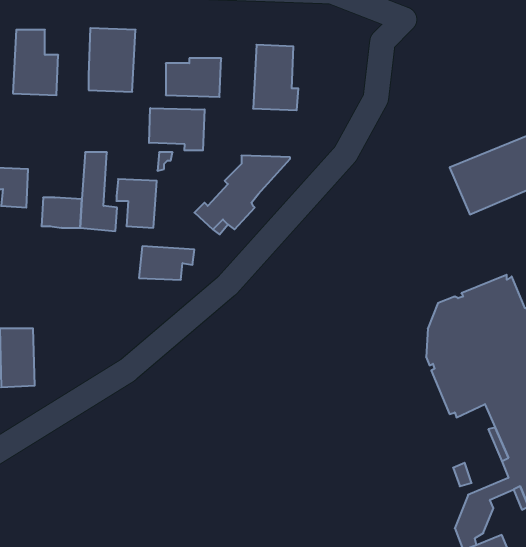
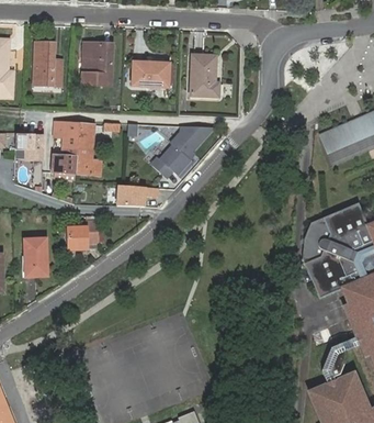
building: [149,108,205,150] -> none
building: [116,179,157,228] -> [54,122,80,154]
building: none -> [68,220,97,249]

